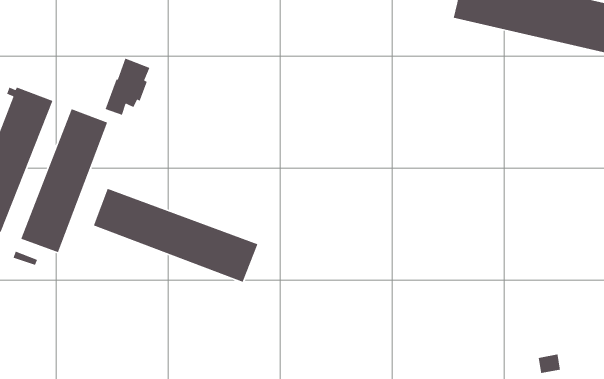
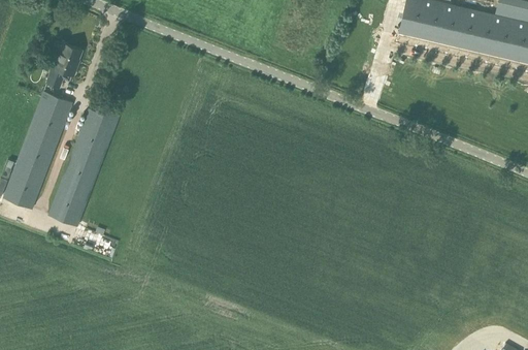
building: [105,57,150,116] -> [45,39,82,87]
building: [93,188,258,283] -> none

